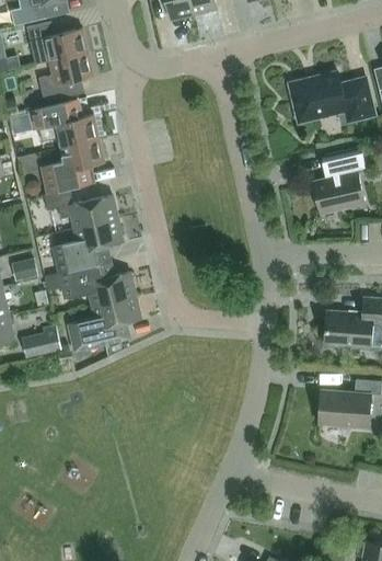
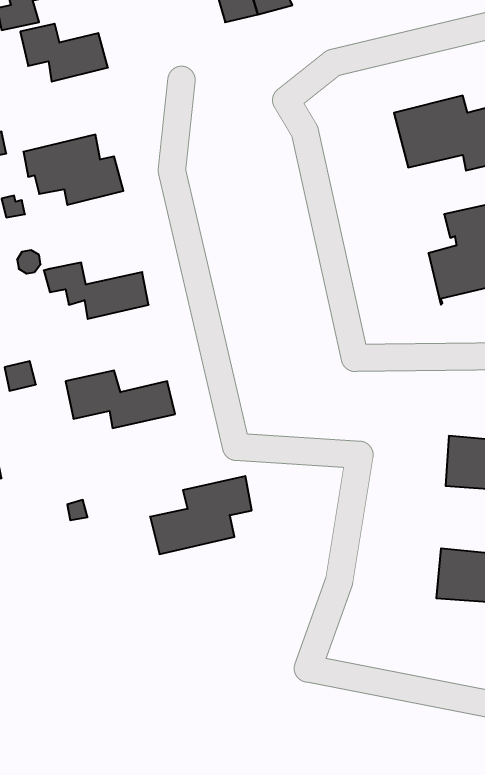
building: [38,51,94,102] -> none
building: [45,138,105,193] -> none
building: [56,218,123,272] -> none
building: [69,295,140,350] -> [150,476,252,554]
building: [21,324,60,358] -> none

